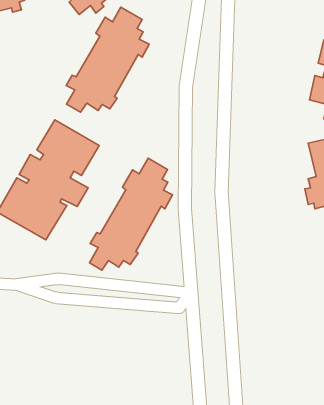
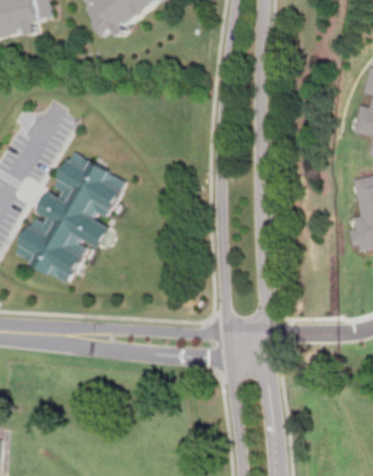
building: [66,7,149,112] -> none
building: [89,158,172,270] -> none

